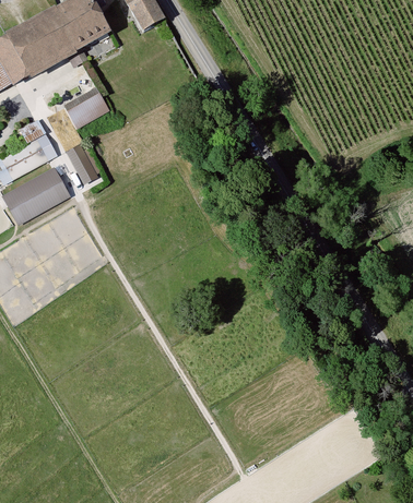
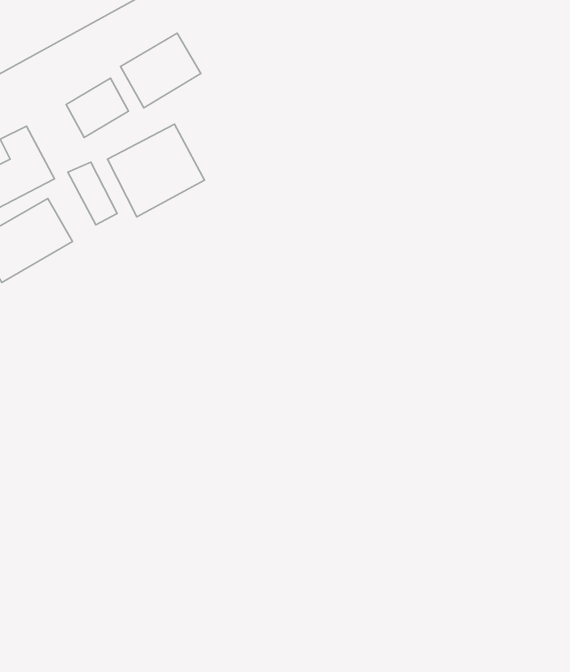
building: none -> [121,33,201,108]
building: none -> [108,124,204,217]

